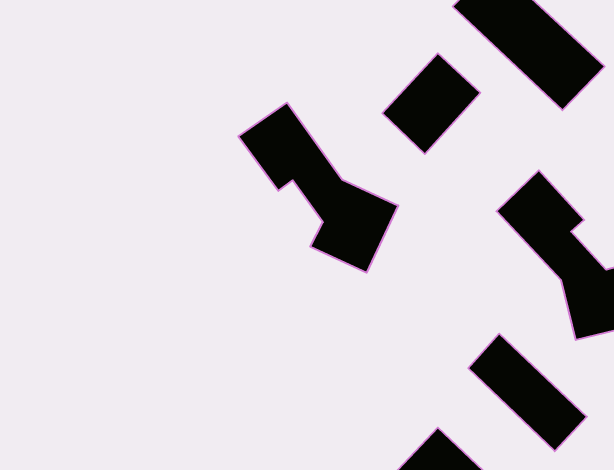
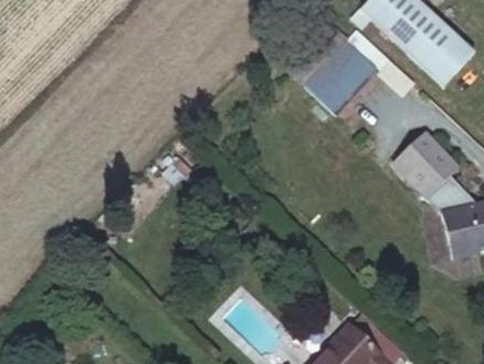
building: [238,103,398,273] -> none
building: [468,334,587,451] -> none

